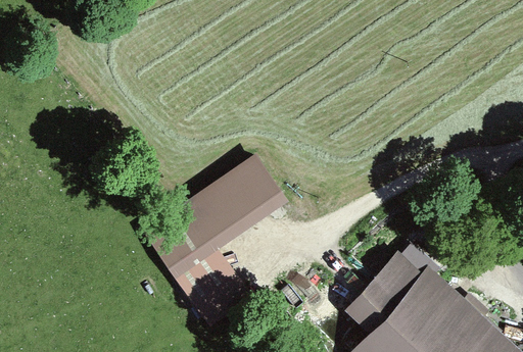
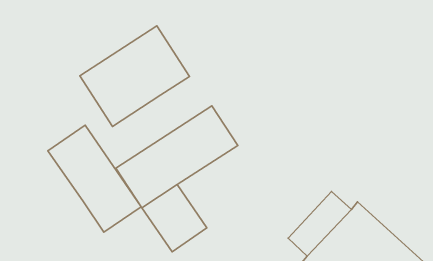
building: none -> [80,26,190,126]
building: none -> [48,125,141,232]

